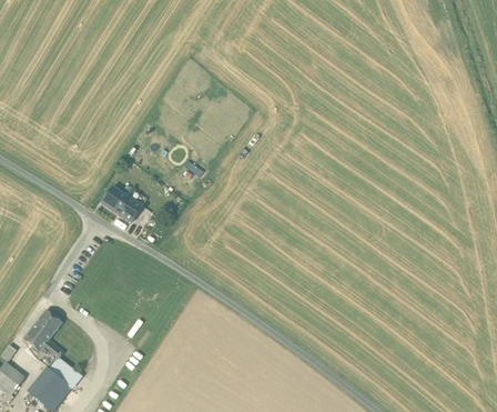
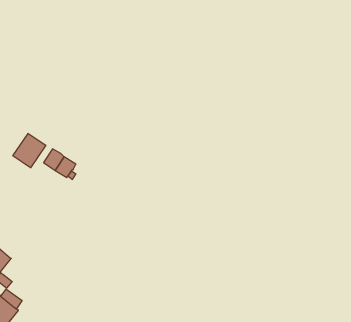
building: none -> [13,133,46,168]

